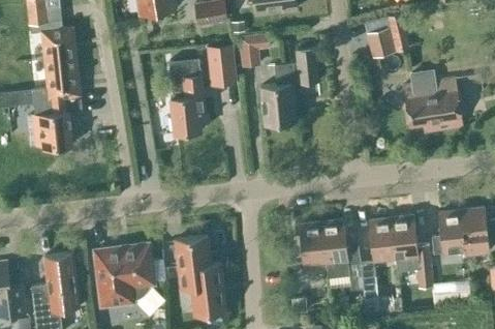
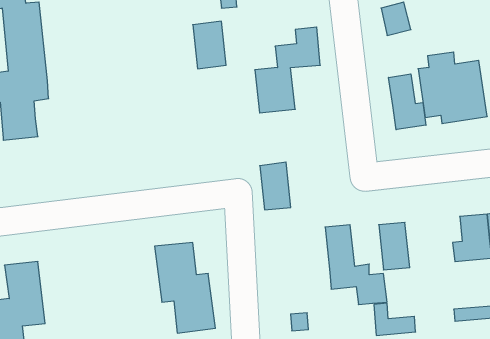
building: [238,33,269,64] -> none
building: [168,58,206,133] -> none
building: none -> [389,74,426,130]
building: [391,216,433,287] -> none
building: [299,222,326,264] -> [260,162,291,210]
building: [94,243,153,305] -> none

